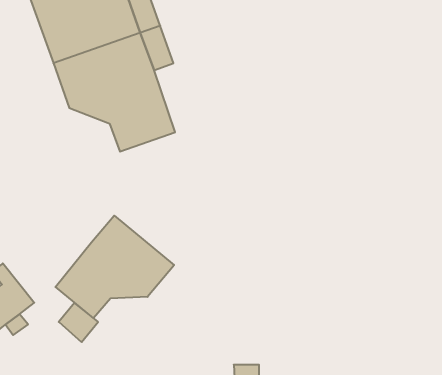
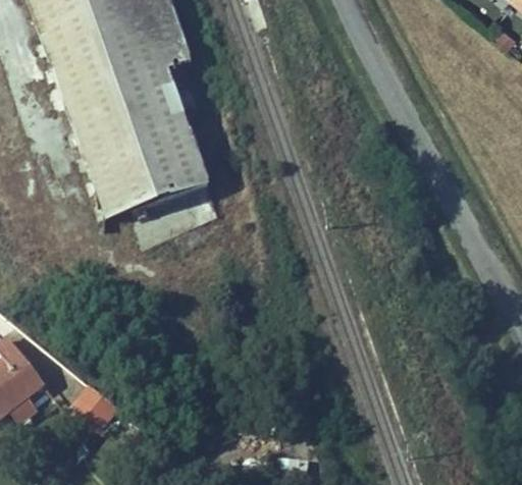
building: none -> [85,154,144,218]
building: [55,216,174,318] -> none

